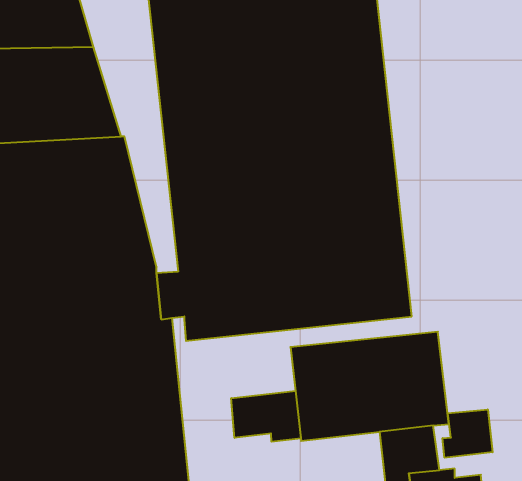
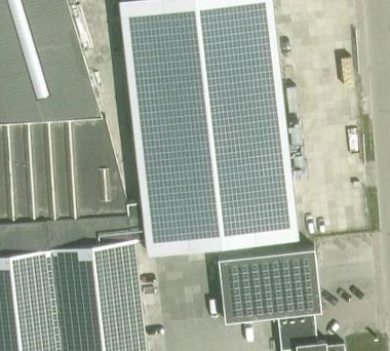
building: [231,391,301,442] -> none
building: [443,409,493,458] -> none

